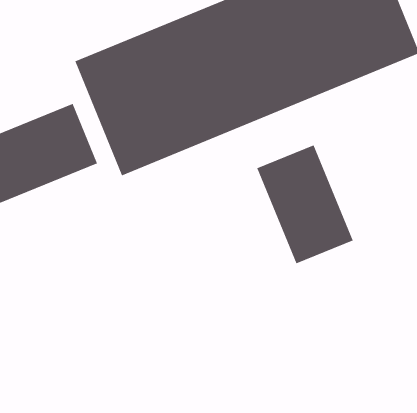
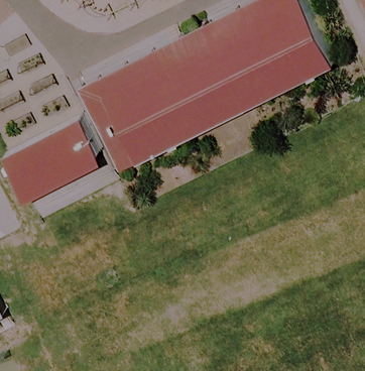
building: [257,144,353,264] -> none

